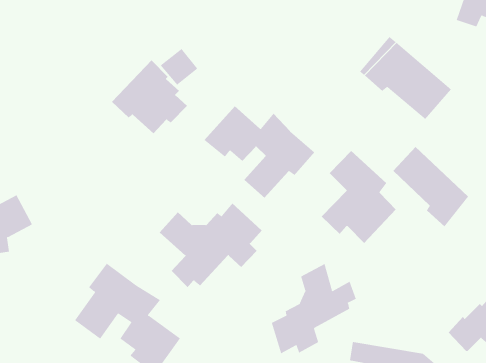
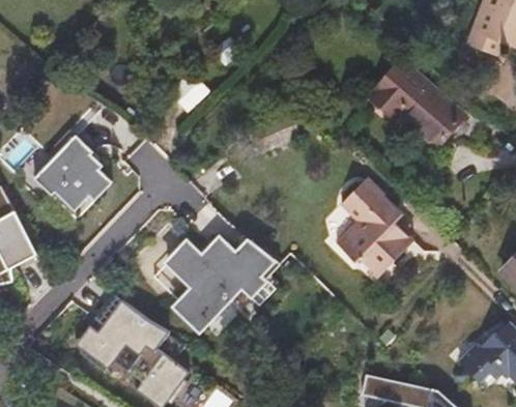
building: [111,60,188,134] -> [35,138,114,214]
building: [204,105,315,198] -> none
building: [393,146,469,227] -> none
building: [271,263,356,354] -> none

